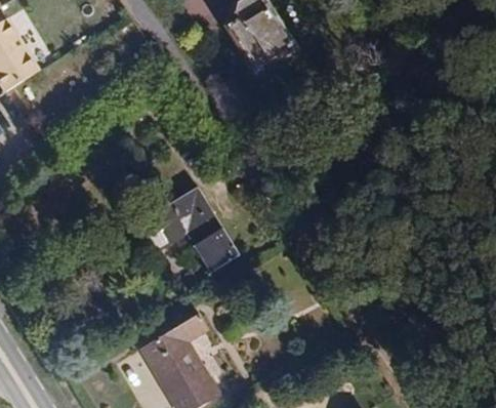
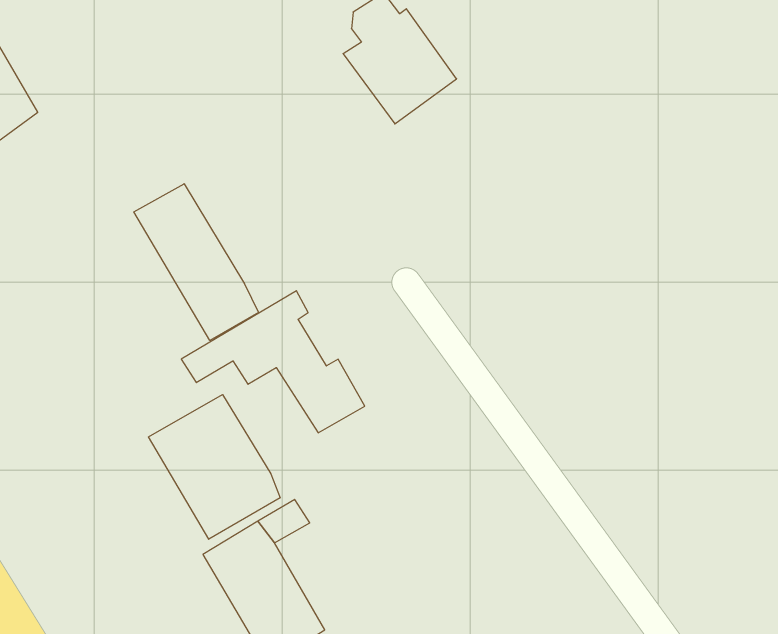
building: none -> [134,184,258,340]
building: none -> [148,395,280,539]

